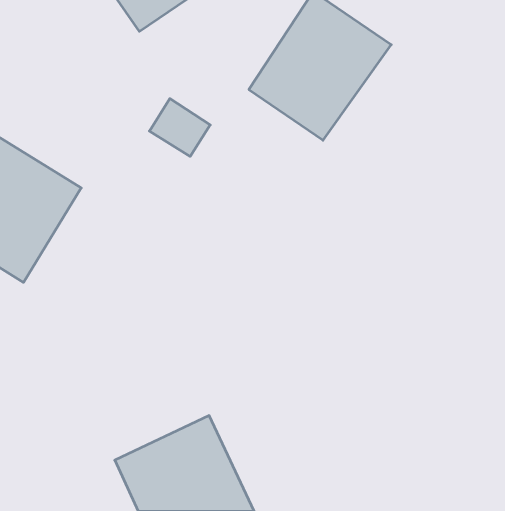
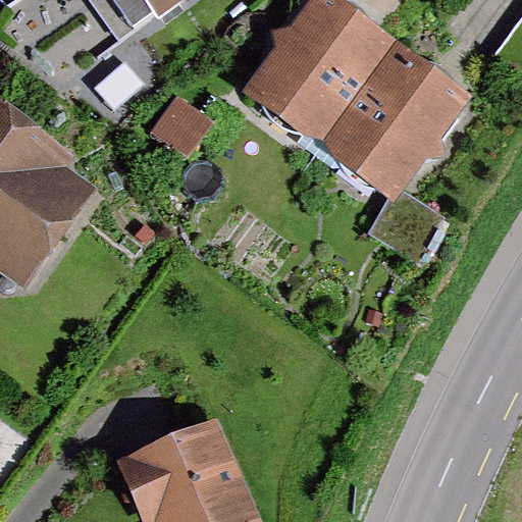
building: none -> [324,45,471,196]

